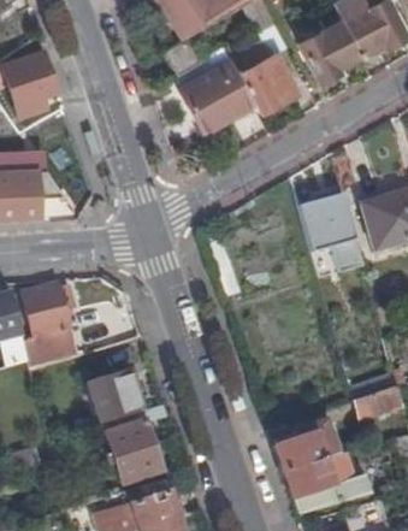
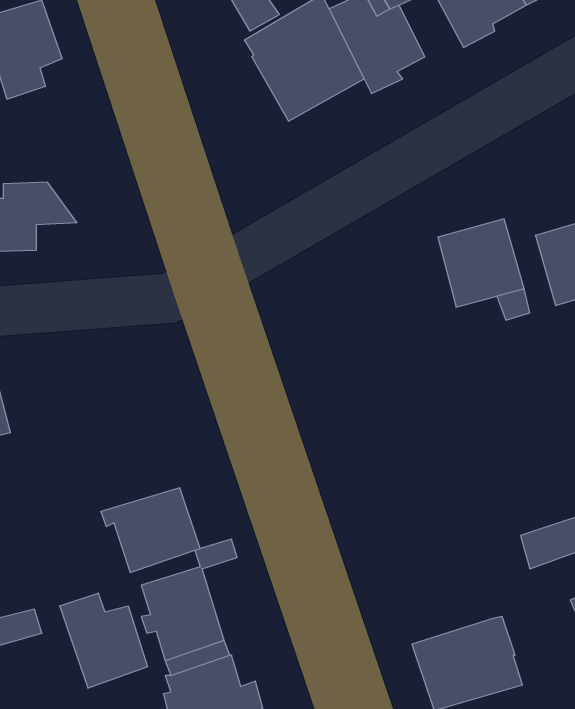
building: [24,281,78,370] -> none
building: [274,420,337,471] -> none
building: none -> [60,593,147,688]

